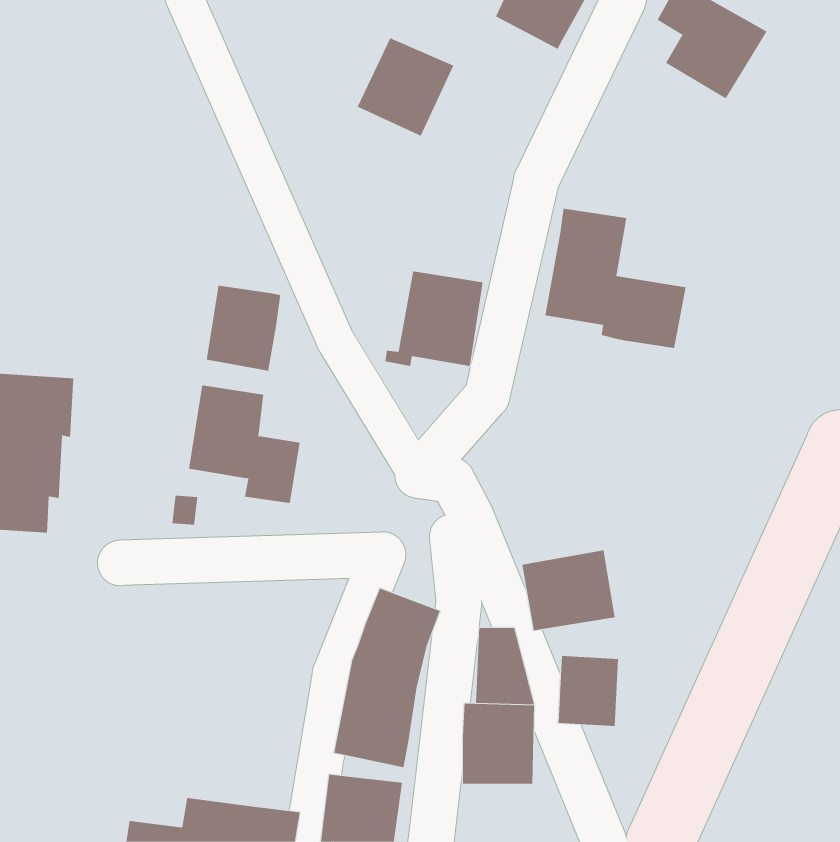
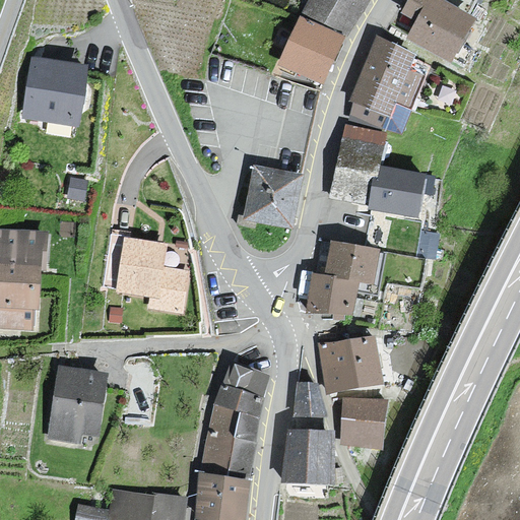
building: [357,38,454,137] -> [280,19,340,80]
building: none -> [352,40,424,133]
building: none -> [25,59,84,122]
building: [206,285,281,372] -> none
building: none -> [310,242,376,313]
building: none -> [52,369,106,439]

